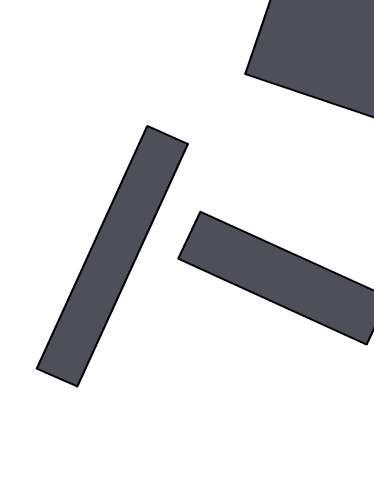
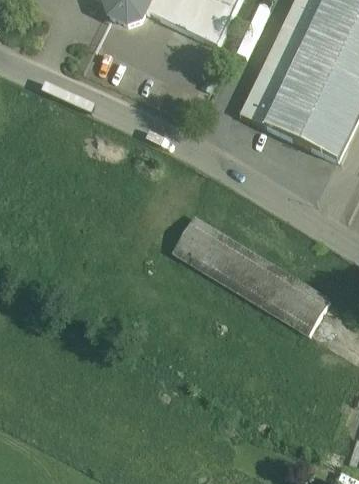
building: [37,126,188,387] -> none

